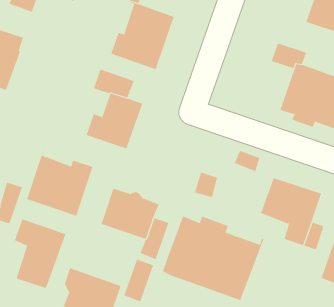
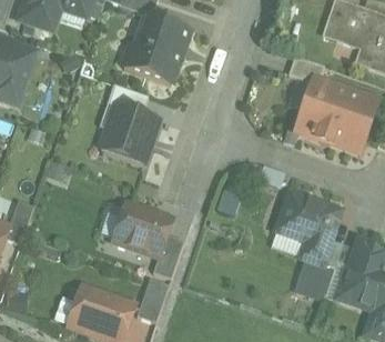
building: [27,149,93,216] -> none
building: [162,216,264,301] -> none
building: [14,219,66,289] -> none
building: none -> [294,262,332,299]

